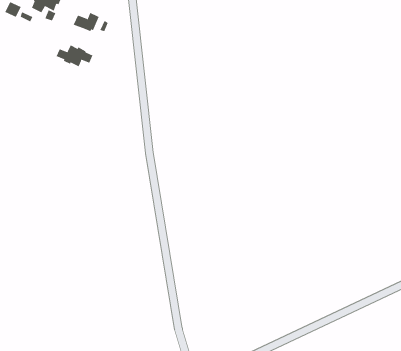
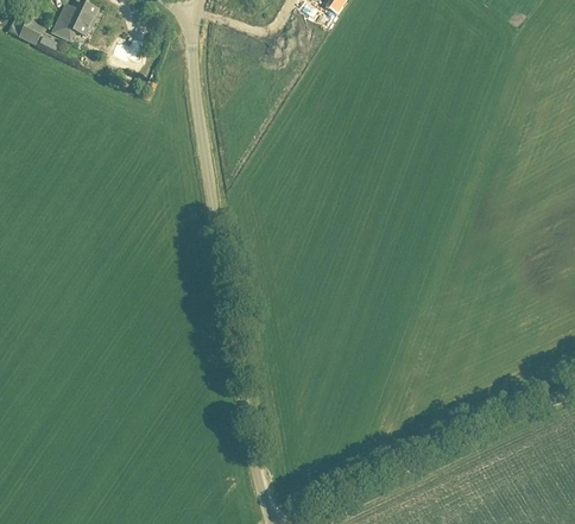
building: [56,45,93,67] -> none

